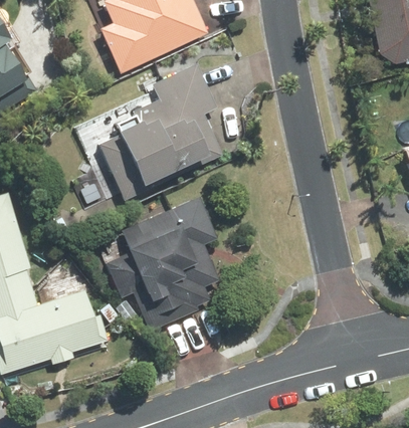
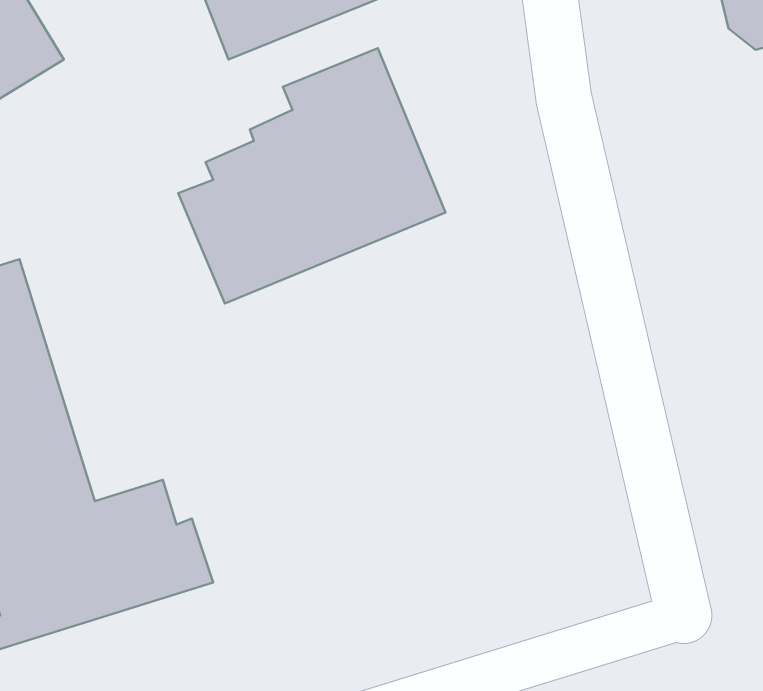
building: [100,199,219,317] -> none

